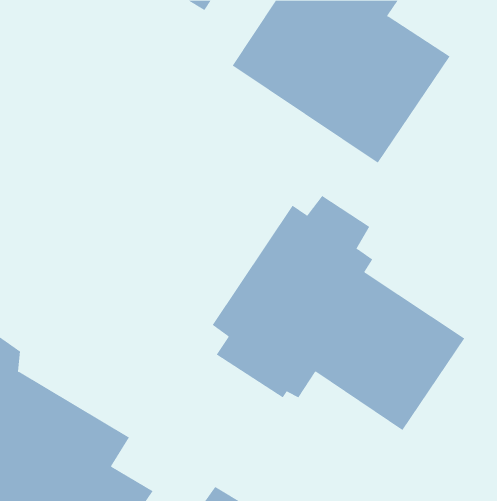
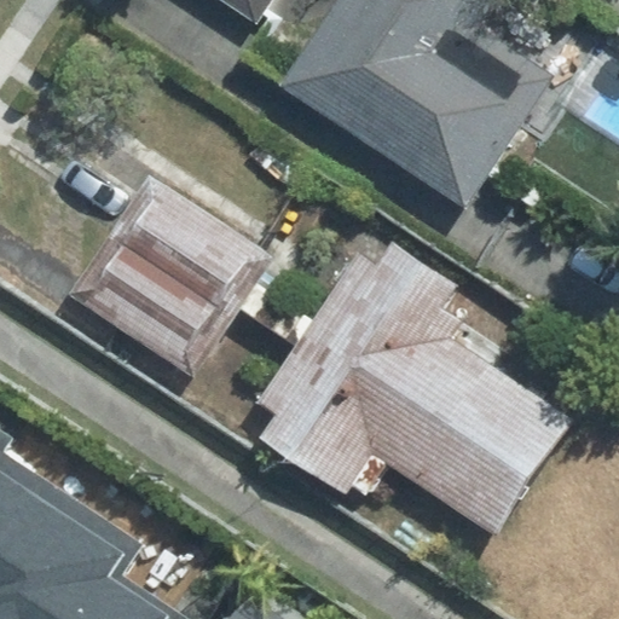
building: none -> [69,177,267,375]

